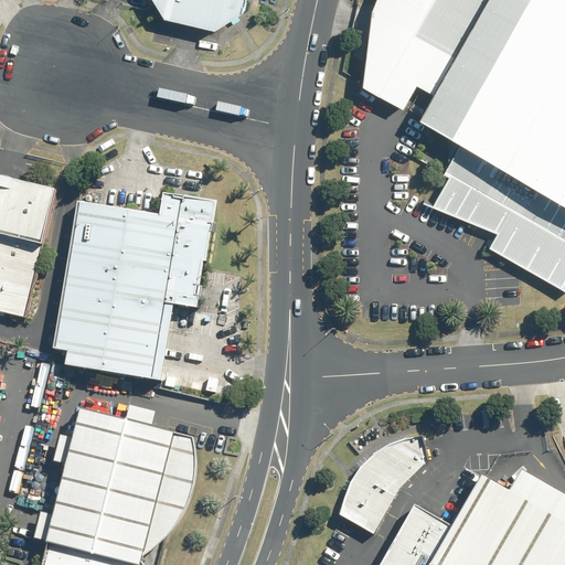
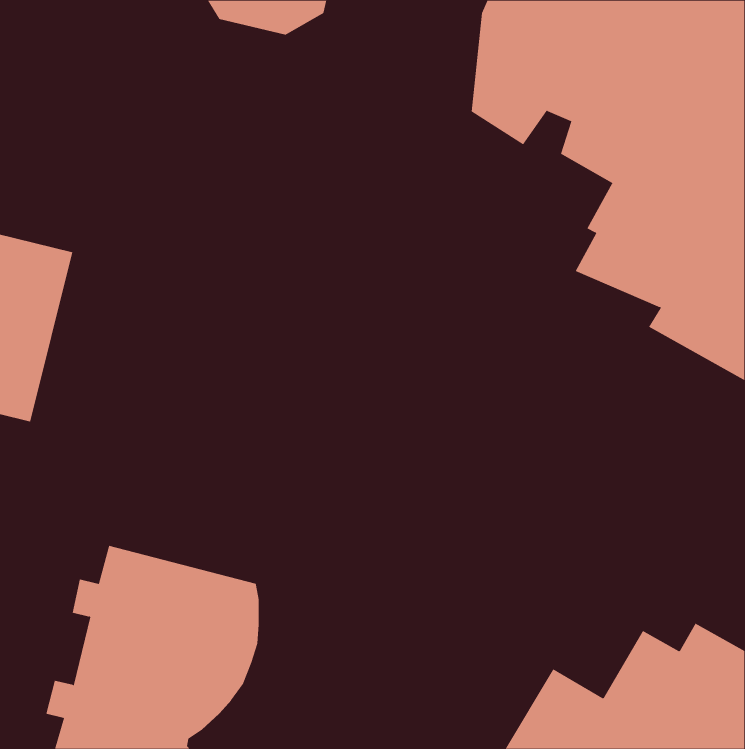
building: [53,194,215,382] -> none
building: [339,436,426,533] -> none

